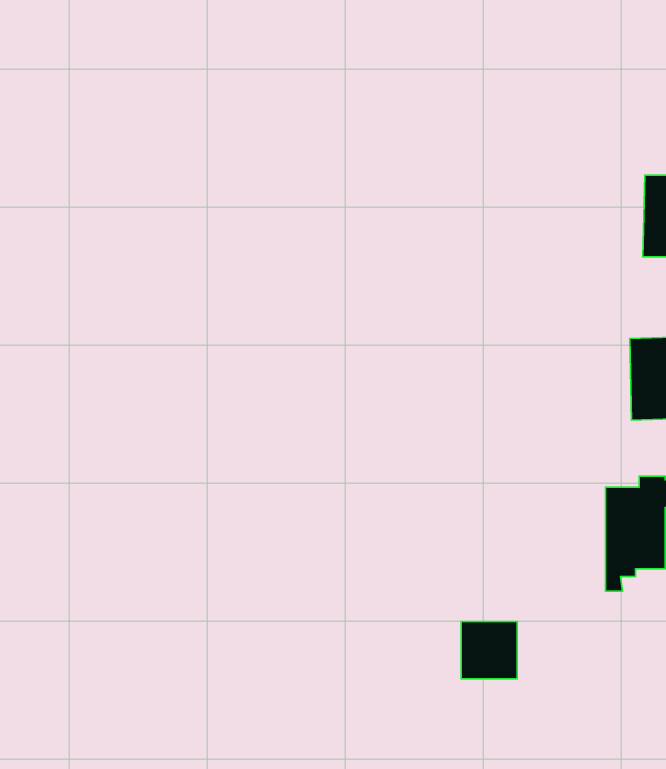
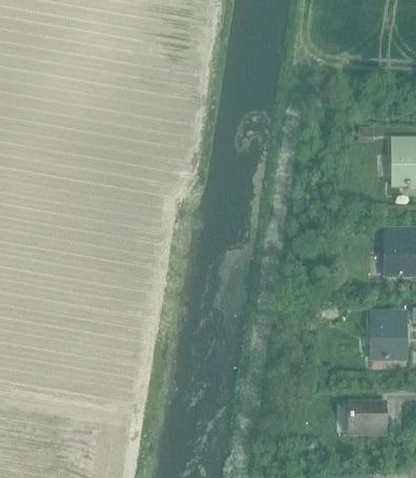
building: [461,621,517,679] -> [351,402,382,434]

